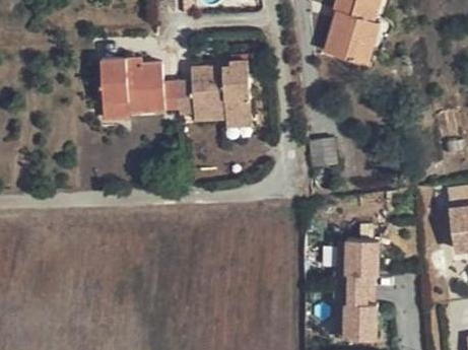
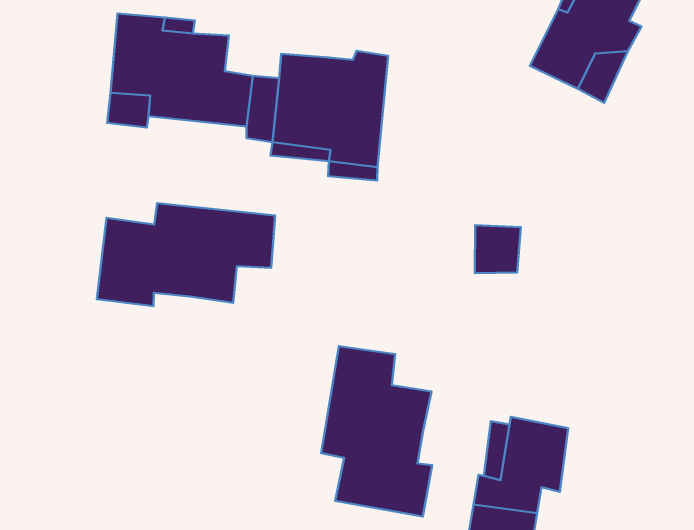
building: none -> [97,203,275,306]
building: none -> [321,346,432,516]

